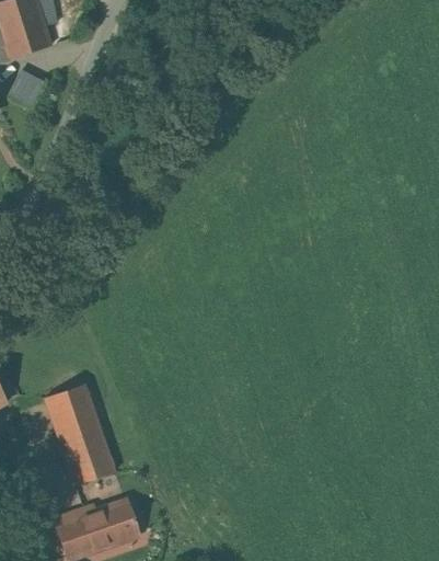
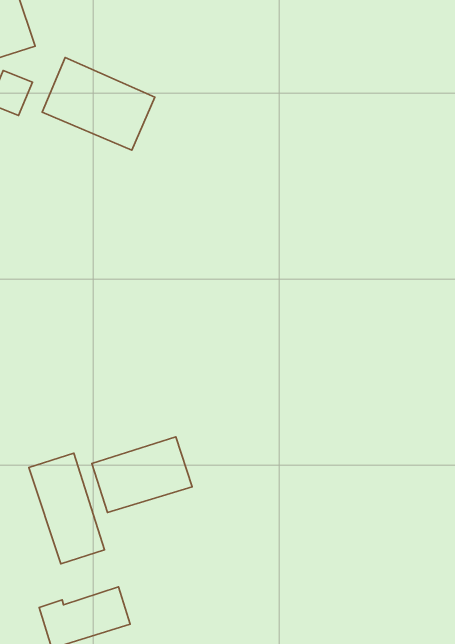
building: none -> [42,57,155,150]
building: none -> [92,437,192,512]

